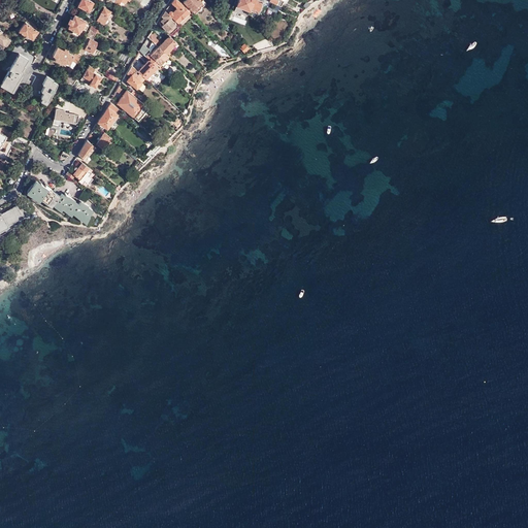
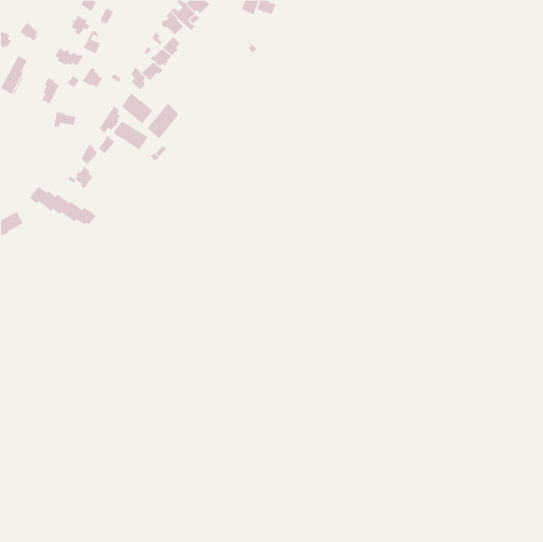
building: none -> [147,103,179,139]
building: none -> [112,120,149,150]

